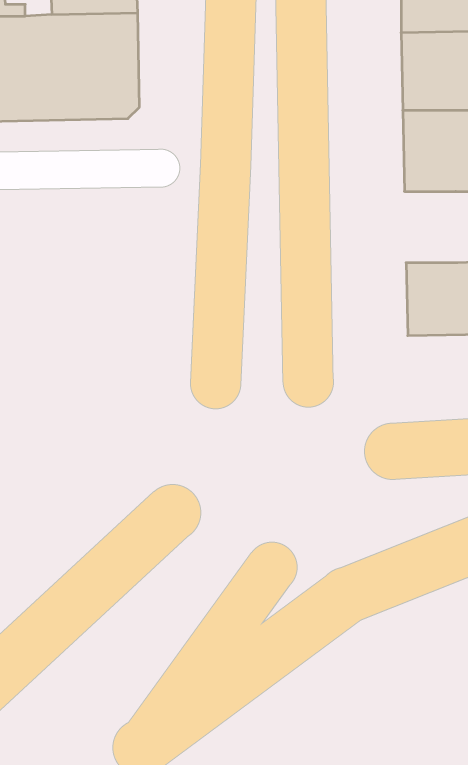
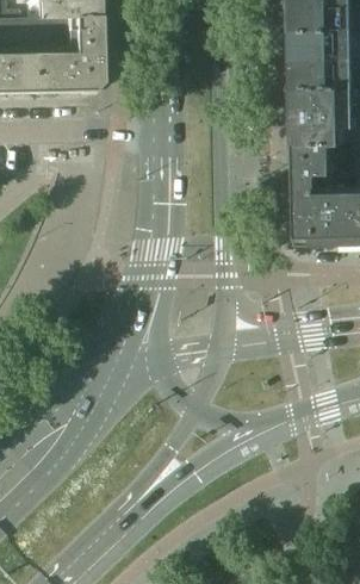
building: none -> [292,143,330,194]

